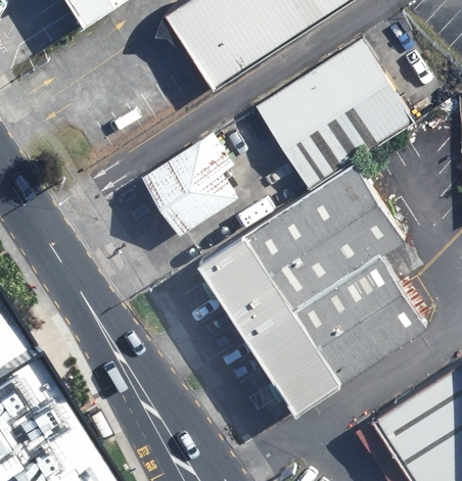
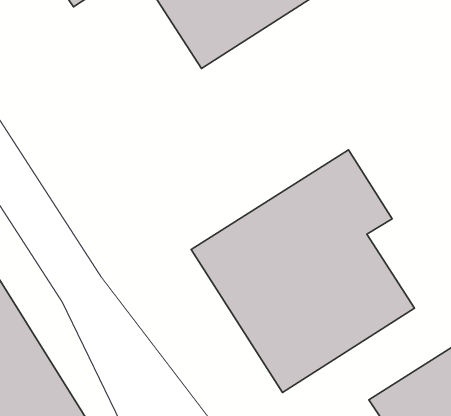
building: [253,38,413,189] -> none
building: [139,131,236,236] -> none

